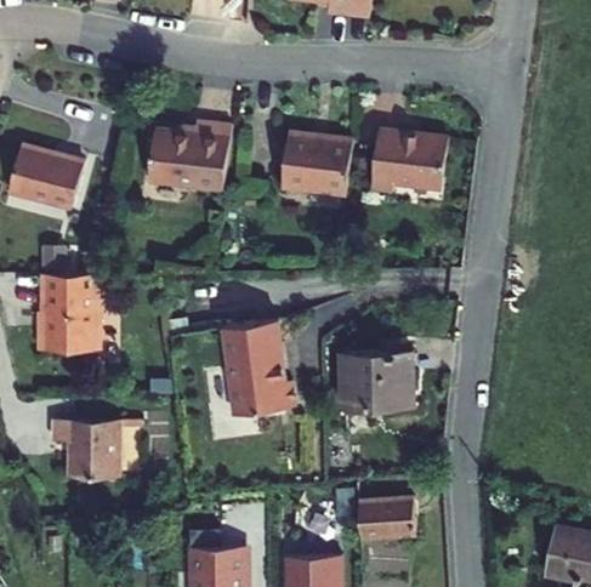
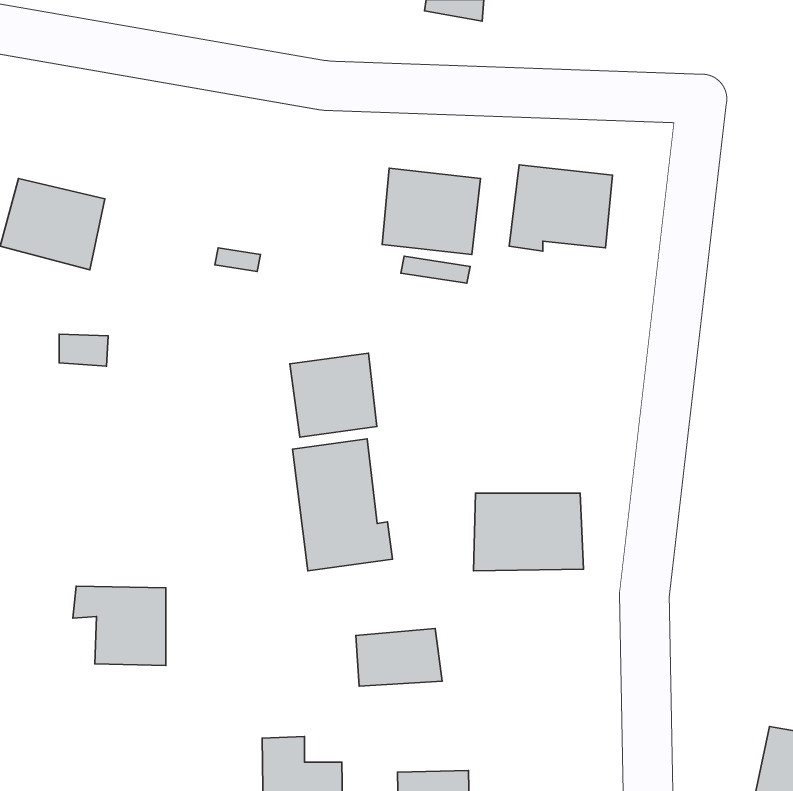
building: [146,118,229,188] -> none
building: none -> [290,353,377,437]
building: [41,279,101,353] -> none
building: [359,500,421,541] -> [356,629,442,686]

